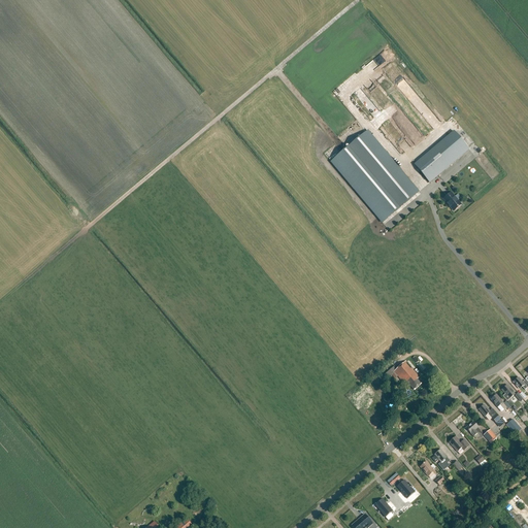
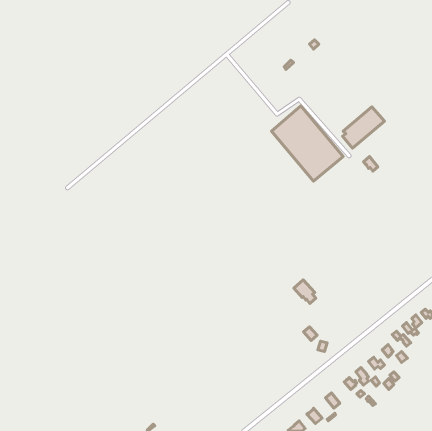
building: [394,360,421,389] -> [294,280,316,303]

